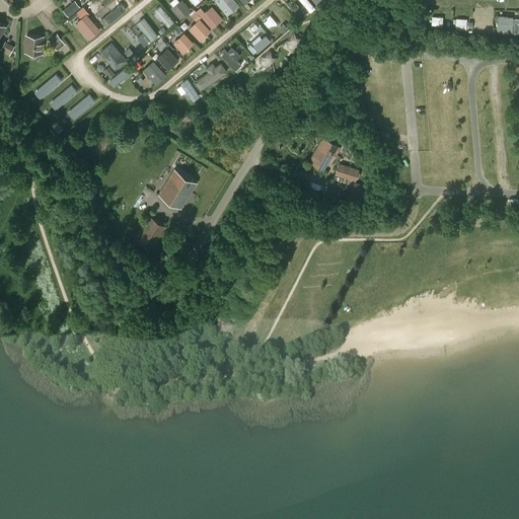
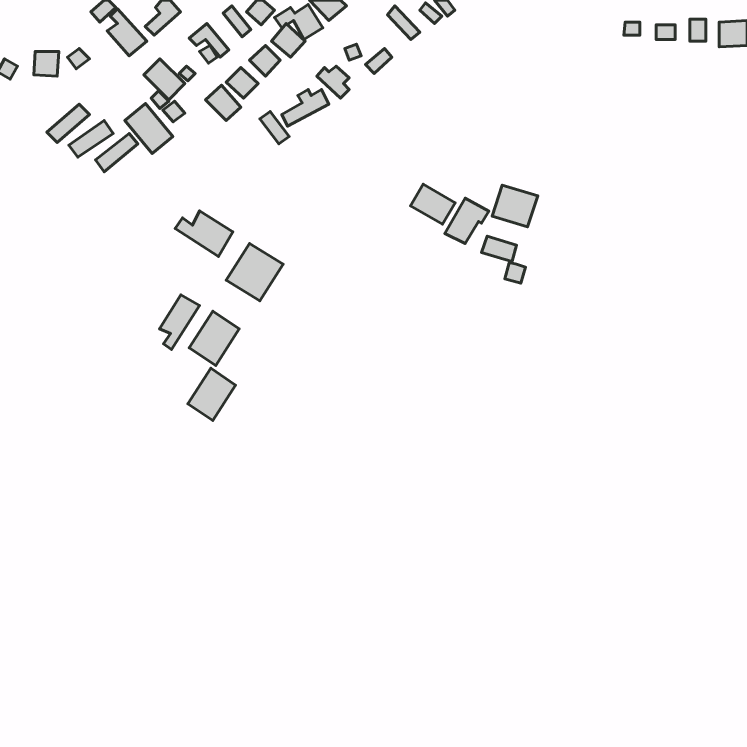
building: none -> [125,103,173,154]
building: none -> [411,184,455,224]
building: none -> [492,185,538,227]
building: none -> [175,211,233,256]
building: none -> [160,295,200,350]
building: none -> [188,368,235,421]

